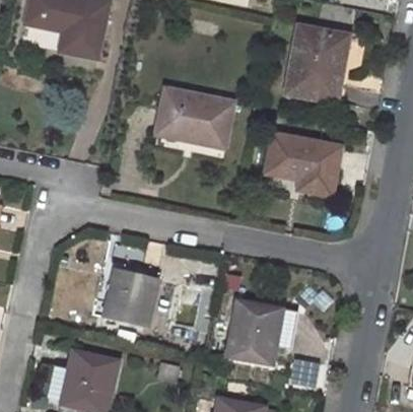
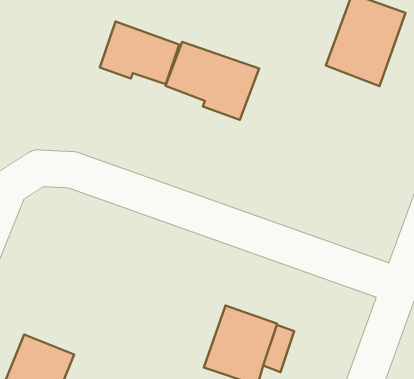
building: none -> [100,21,179,84]
building: [266,134,338,194] -> none
building: [92,265,156,337] -> none

